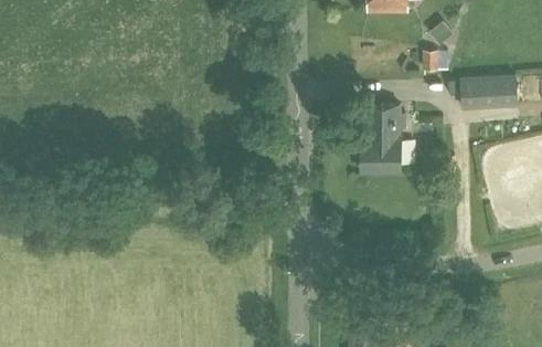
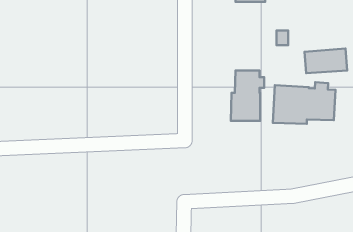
building: none -> [273,82,336,124]

